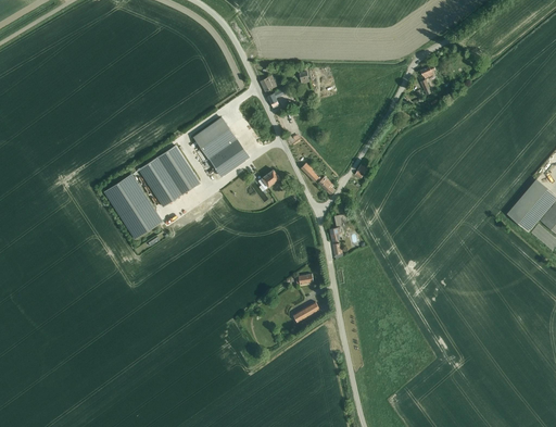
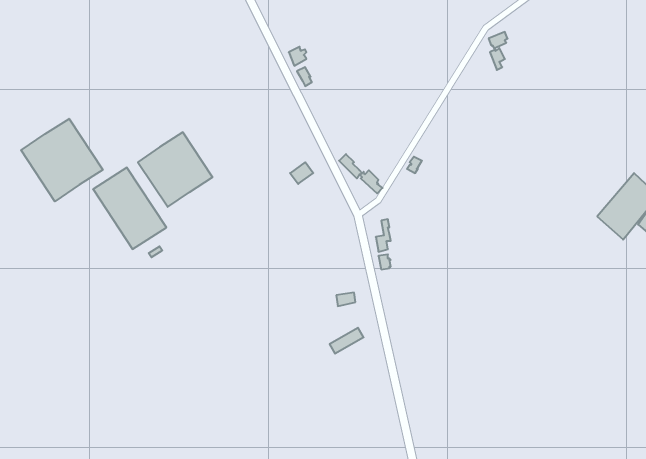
building: [194,117,249,176] -> none
building: none -> [21,119,103,201]

